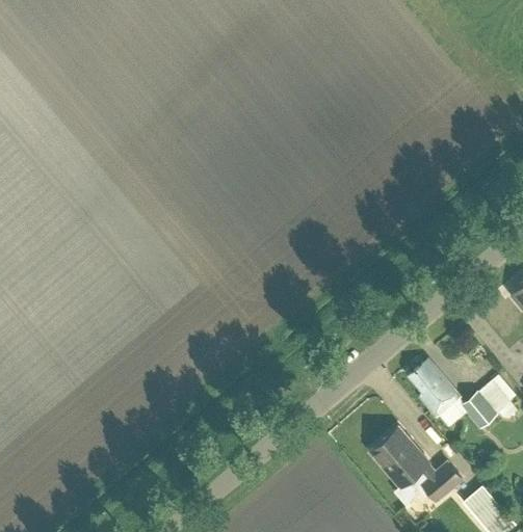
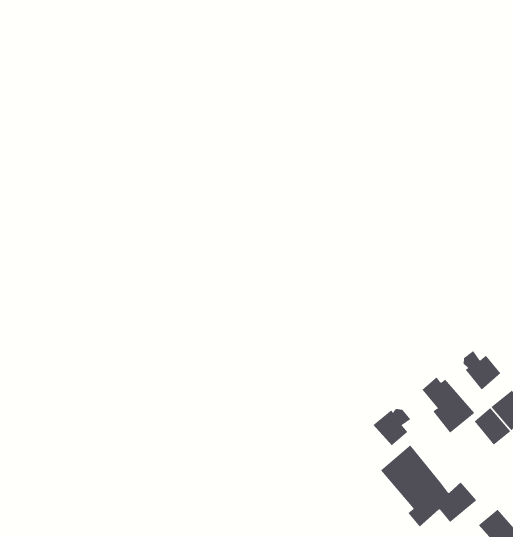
building: none -> [463,350,501,390]
building: none -> [373,408,411,446]

